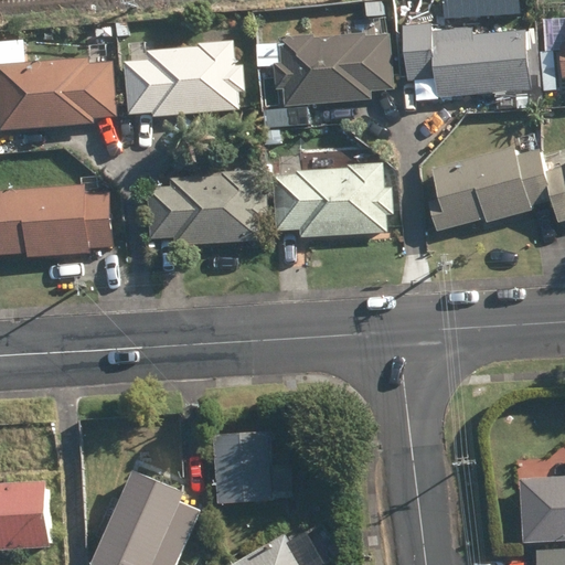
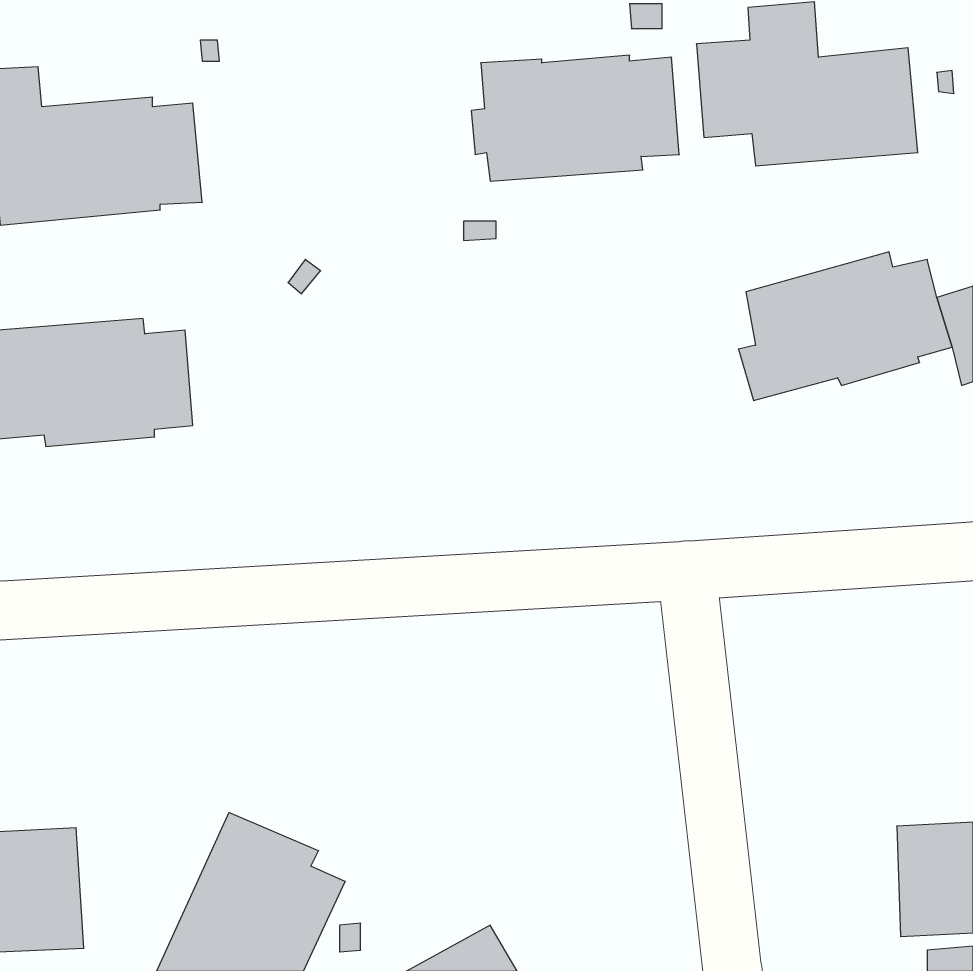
building: [125,40,245,117] -> none
building: [274,162,393,236] -> none
building: [147,170,268,246] -> none
building: [212,428,273,503] -> none

